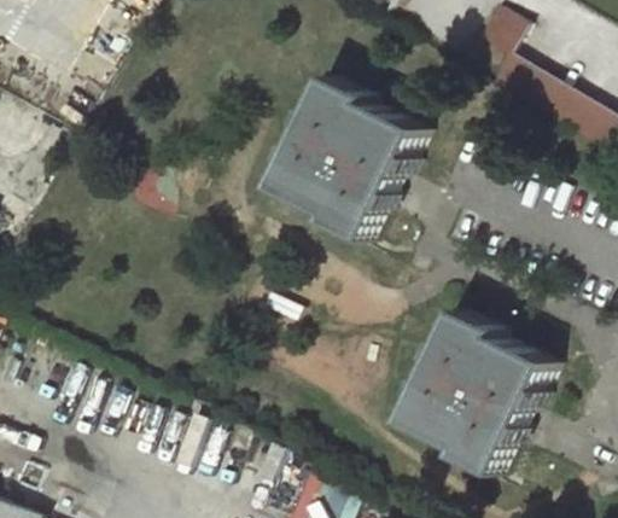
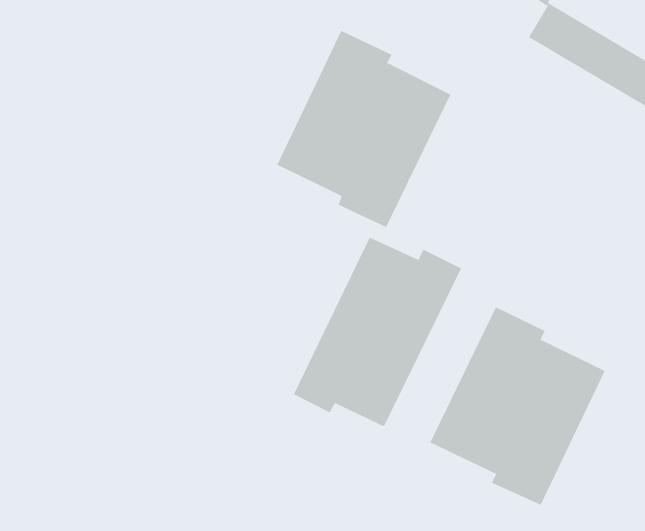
building: none -> [293,237,462,427]

